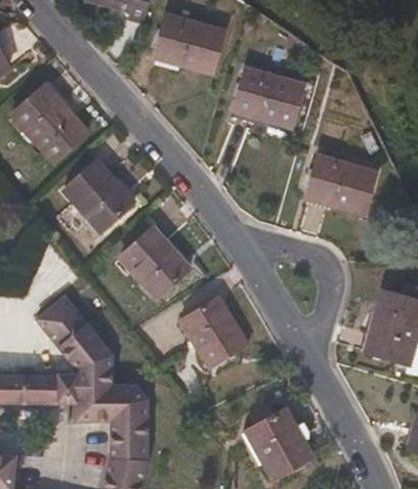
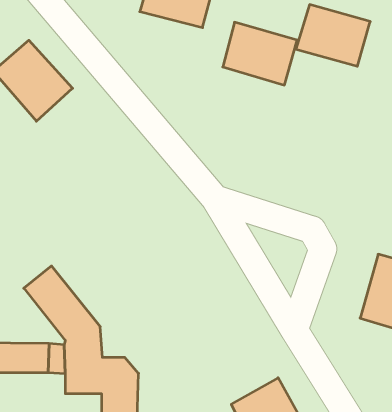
building: [305,154,377,214] -> [296,5,370,66]
building: [64,160,133,230] -> none
building: [120,226,190,297] -> none
building: [179,297,247,367] -> none

